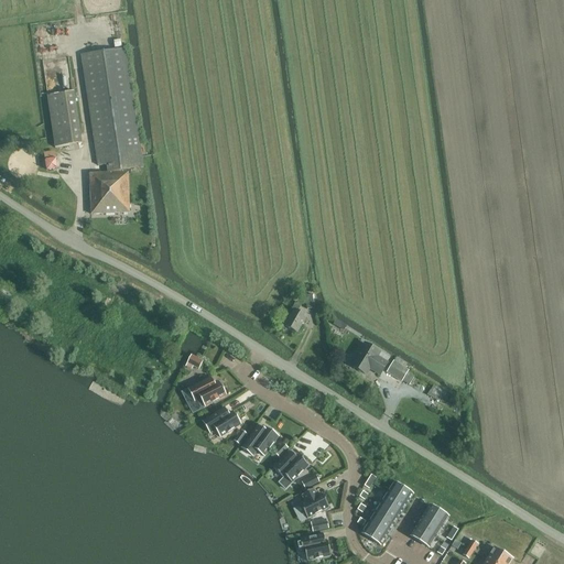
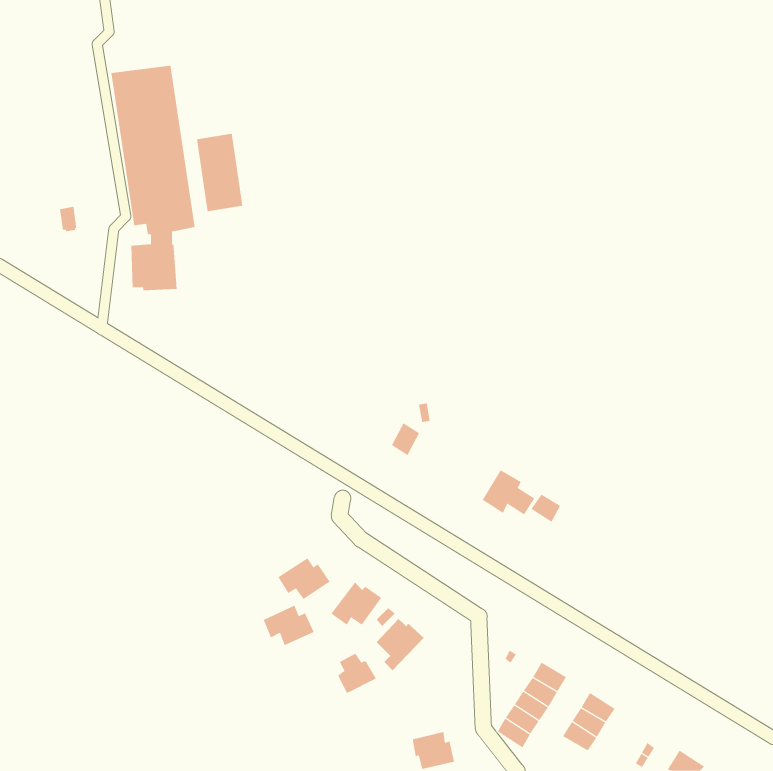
building: [46,89,80,147] -> [196,133,243,212]
building: [187,375,225,404] -> [263,605,314,646]
building: [300,487,328,517] -> [338,653,377,694]

